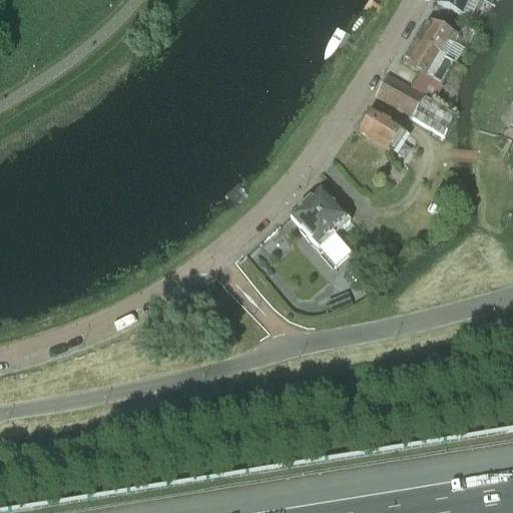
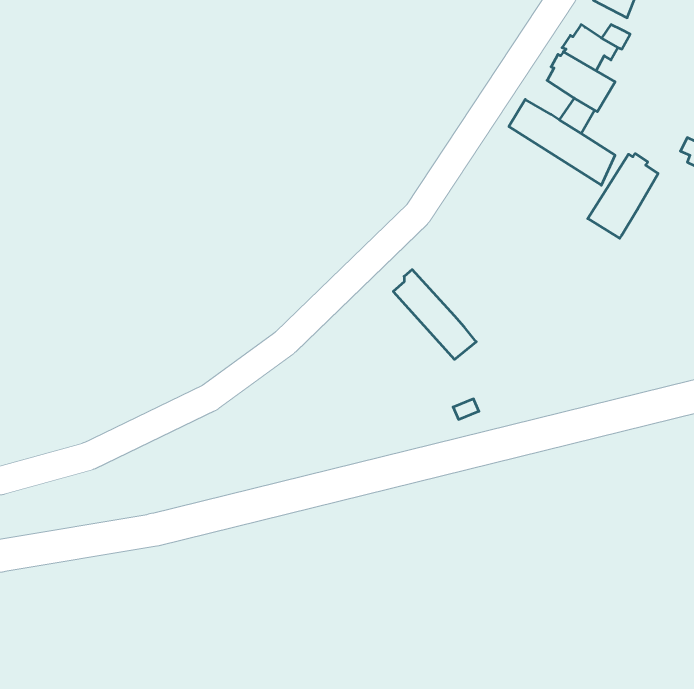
building: [360,108,403,148] -> none
building: none -> [588,154,658,238]
building: [305,186,351,232] -> none

